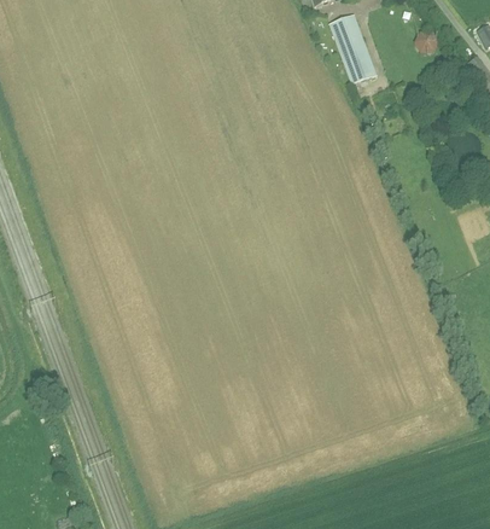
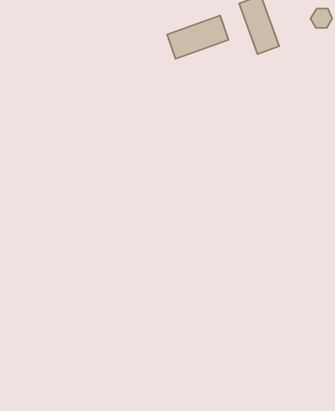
building: none -> [167,16,229,59]

